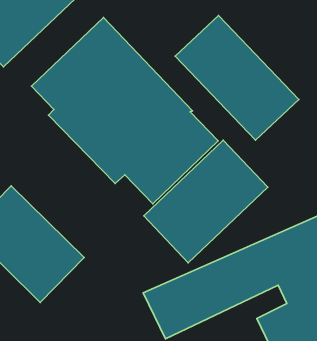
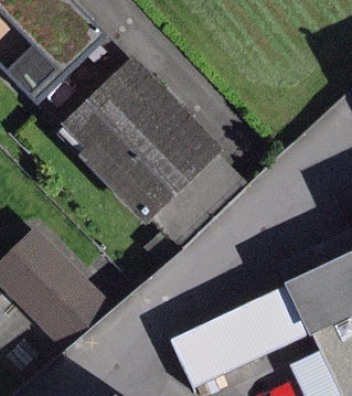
building: [175,15,299,140] -> none
building: [144,140,268,263] -> none

